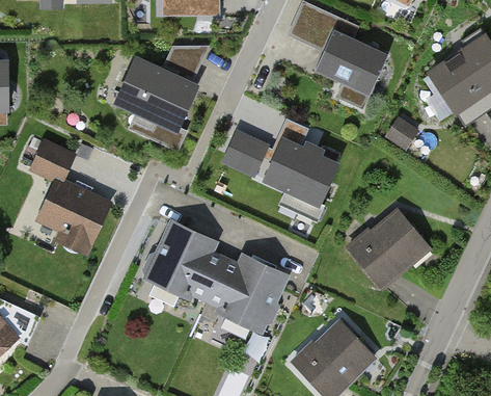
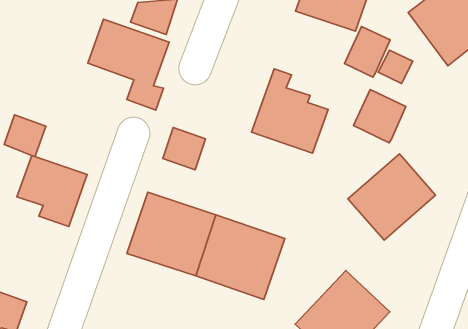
building: none -> [344,26,390,77]
building: [225,131,267,173] -> [163,127,206,170]
building: none -> [354,89,406,143]

